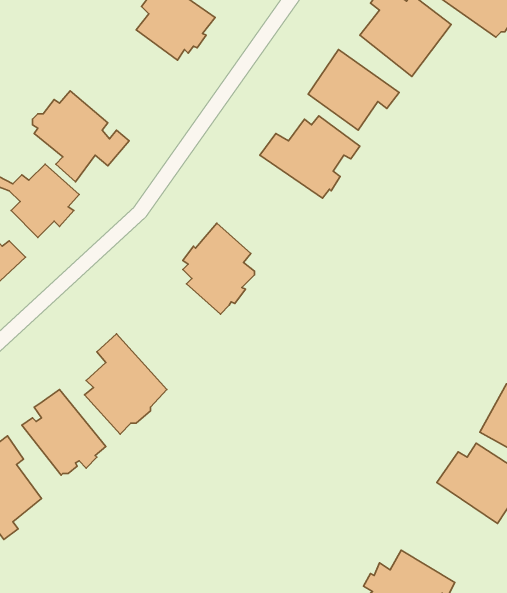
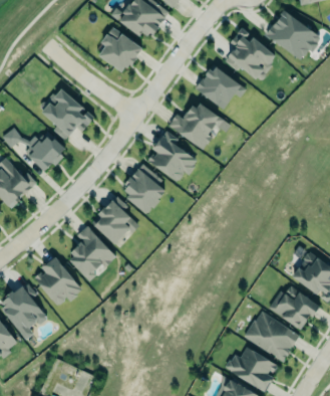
building: none -> [146,130,197,181]
building: none -> [93,196,140,242]
building: none -> [243,311,299,361]

